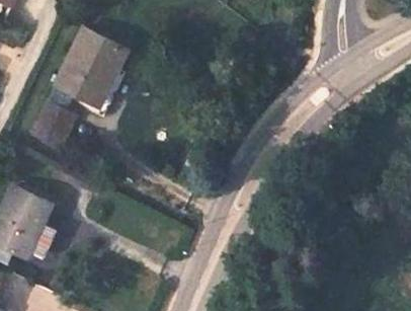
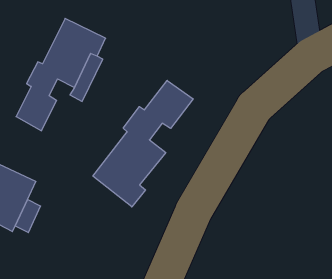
building: none -> [93,80,193,207]

